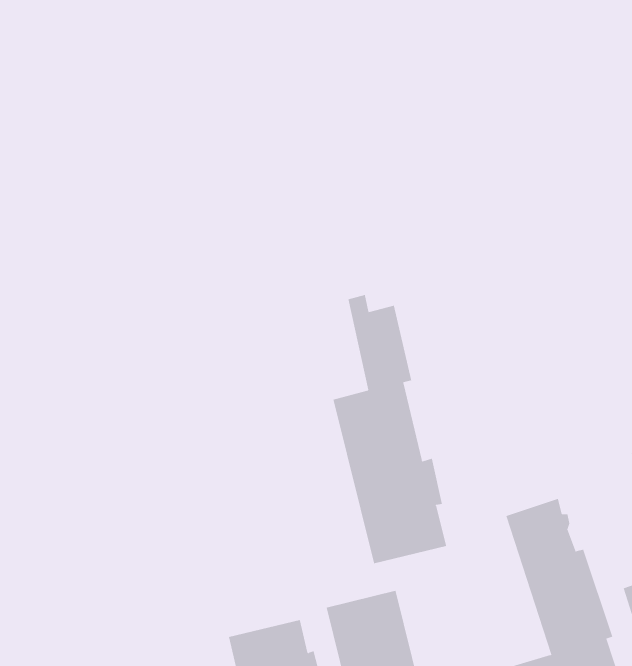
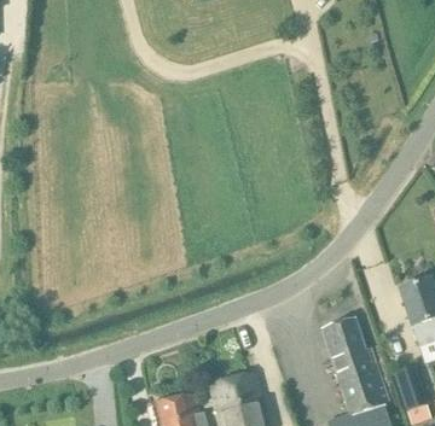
building: [333,294,447,564] -> none

